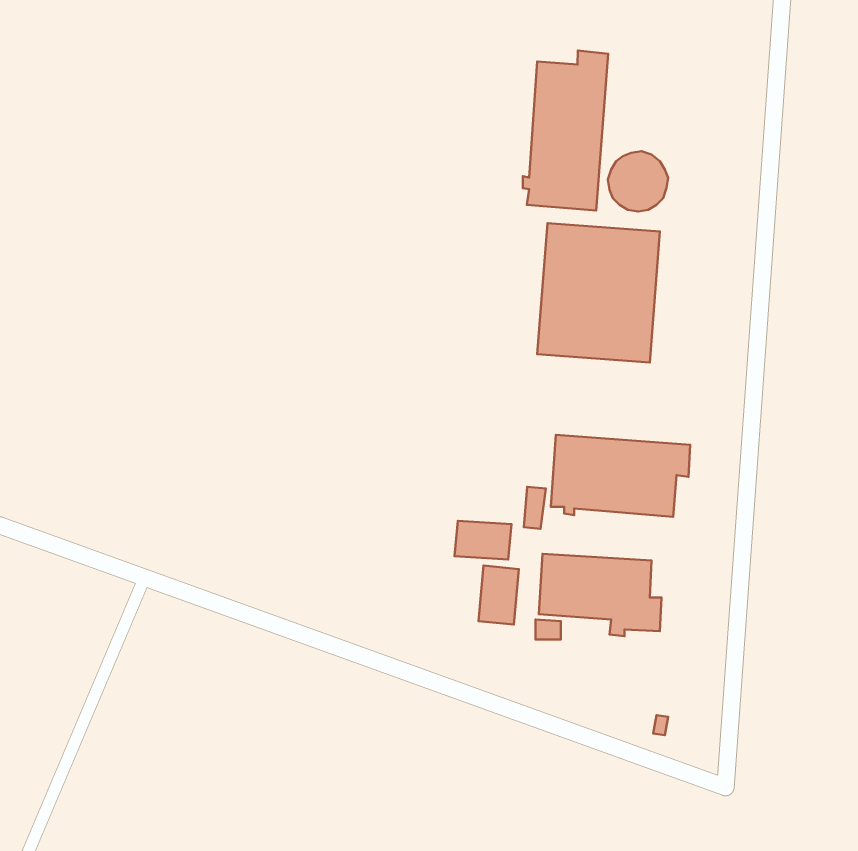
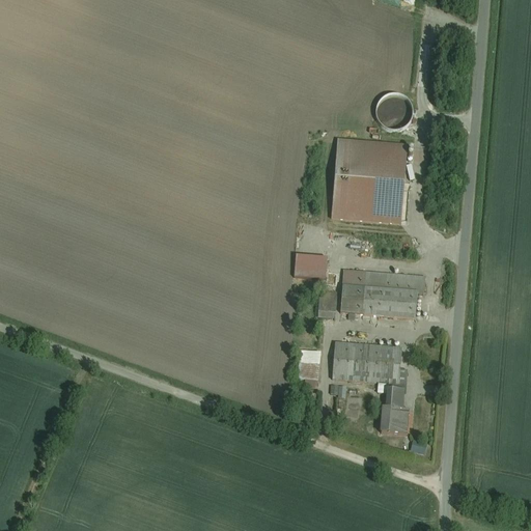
building: [523,51,608,211] -> none
building: [454,521,512,559] -> [292,255,328,279]
building: none -> [376,390,409,435]

